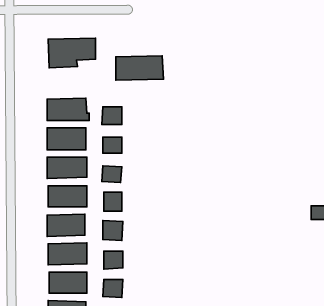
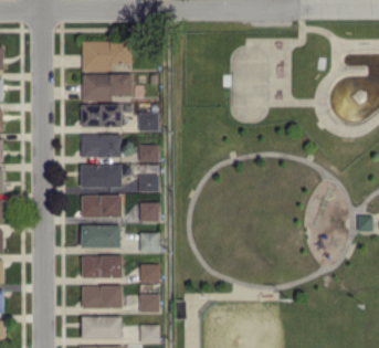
building: [116,56,163,80] -> [83,74,133,99]

